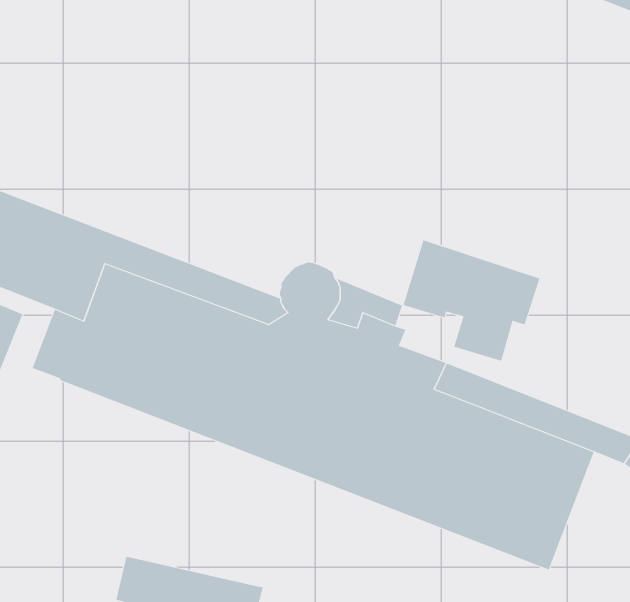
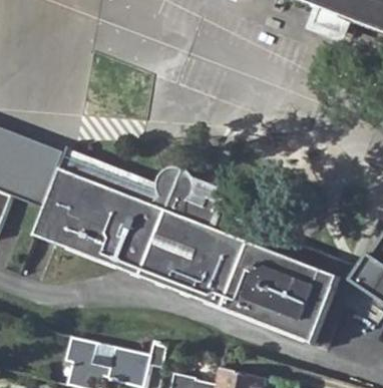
building: [403,239,540,362] -> none

